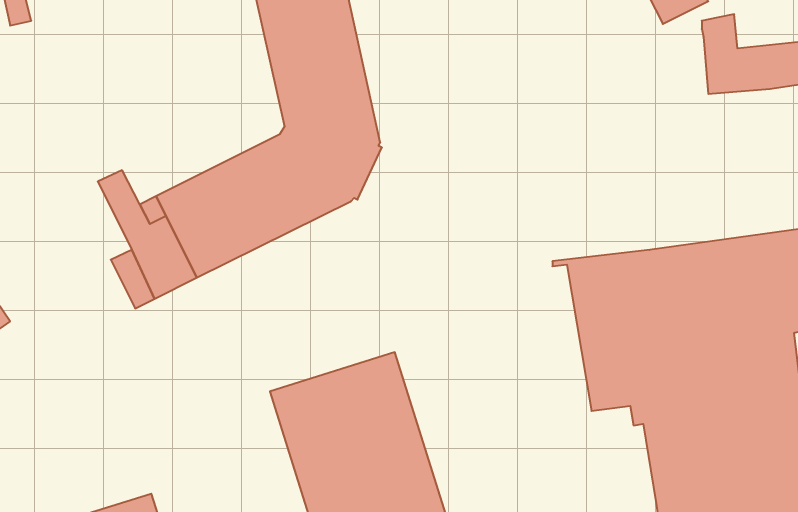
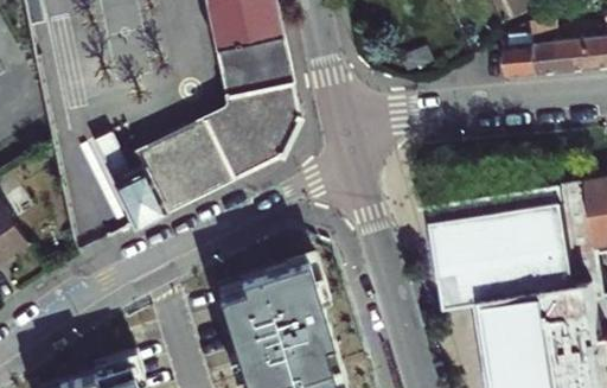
building: none -> [505,36,537,79]

